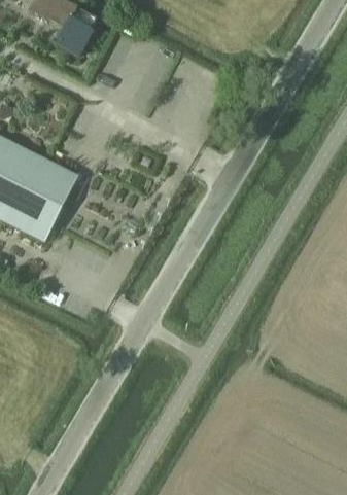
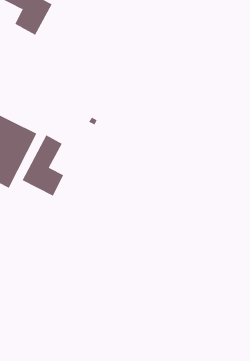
building: none -> [22,134,64,196]

